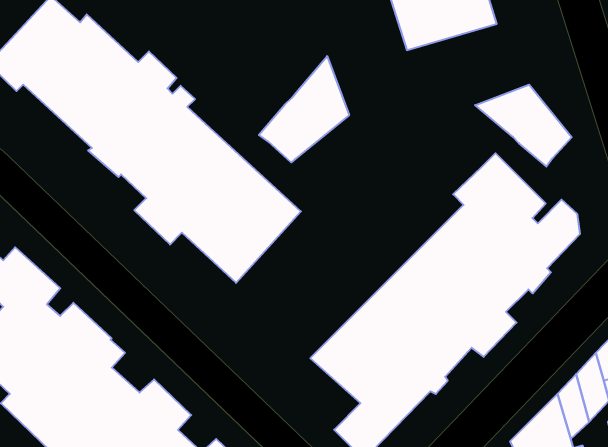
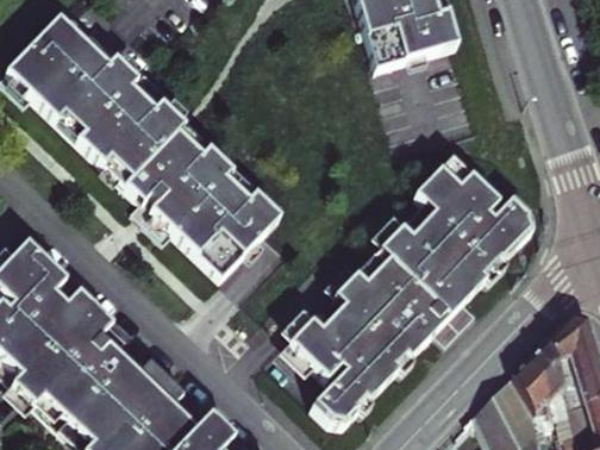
building: [259,56,349,162] -> none
building: [475,85,572,167] -> none

